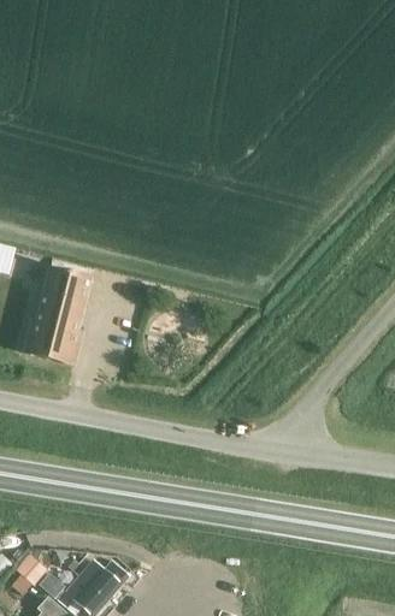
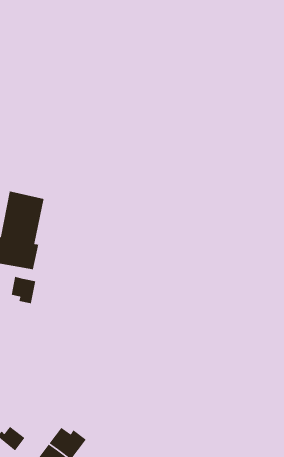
building: none -> [11,276,36,304]

